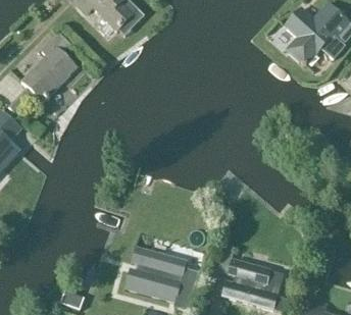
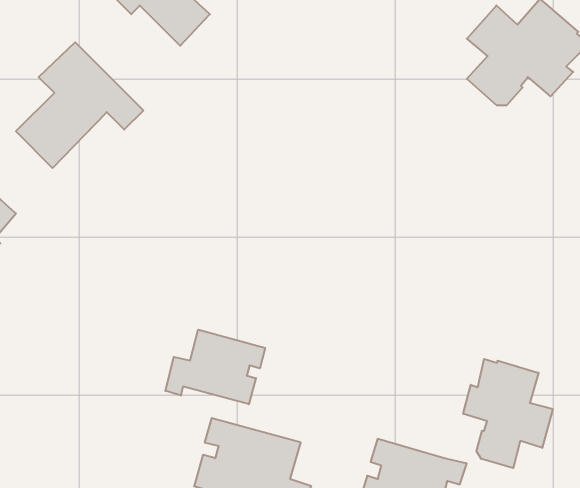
building: none -> [165,330,265,404]
building: none -> [463,359,553,468]

